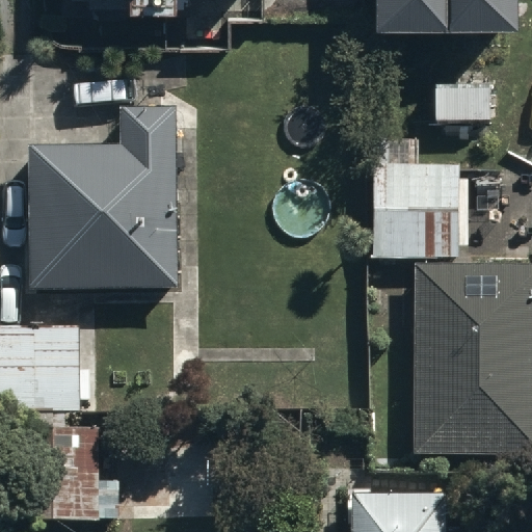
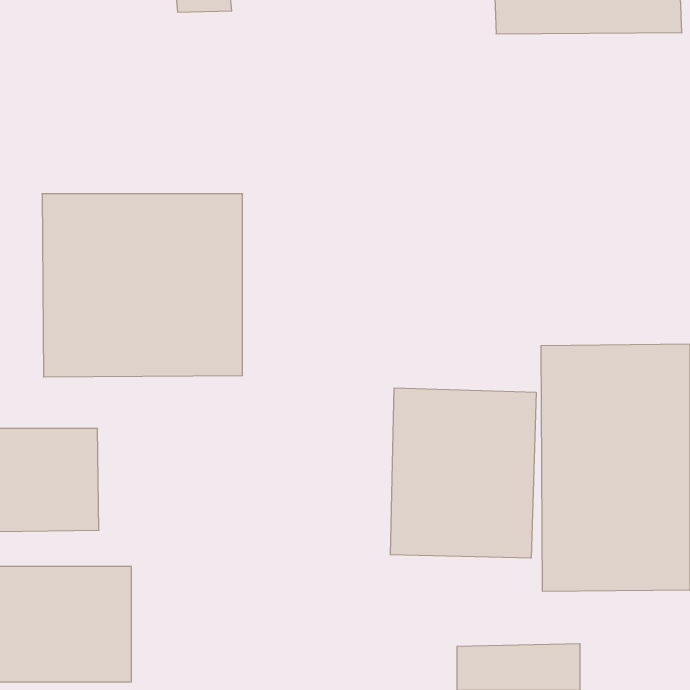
building: [371,139,467,258] -> none
building: none -> [390,388,536,558]

